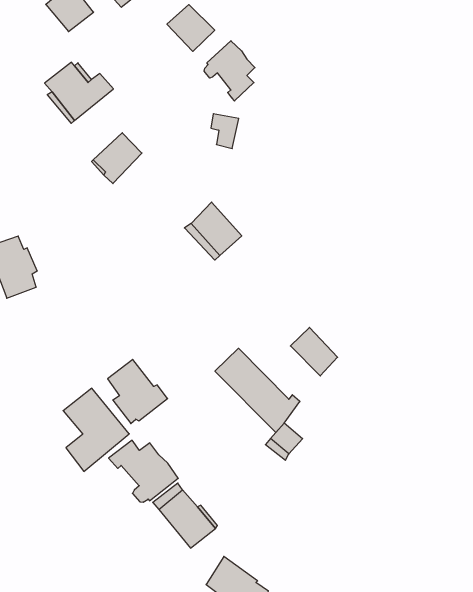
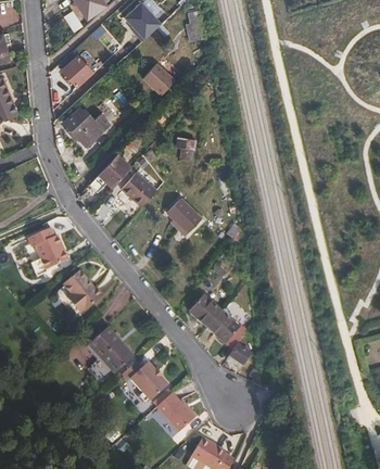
building: [204,41,255,101] -> none
building: none -> [121,170,156,206]
building: [290,327,338,376] -> none
building: [108,359,168,424] -> [63,269,104,313]

